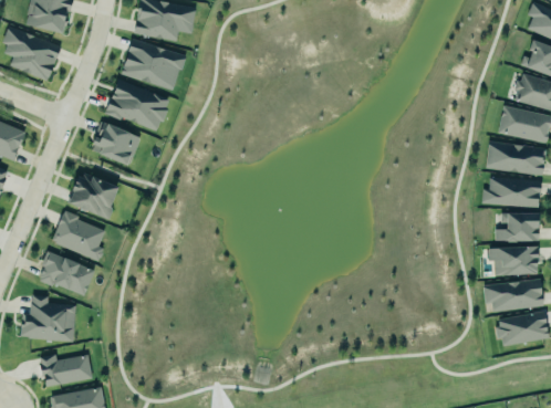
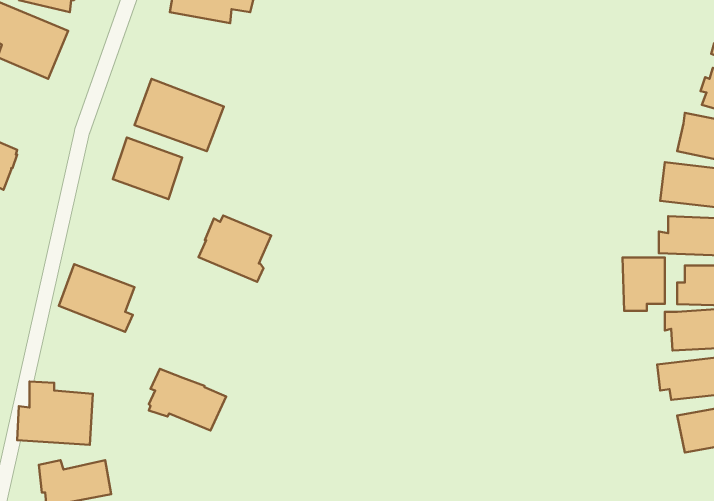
building: [121,39,185,91] -> none
building: [65,172,117,220] -> [199,216,271,282]
building: none -> [623,257,665,311]
building: [39,251,94,295] -> [149,369,226,430]

